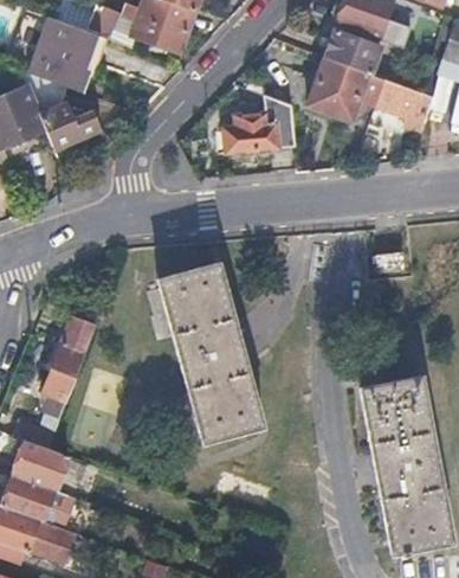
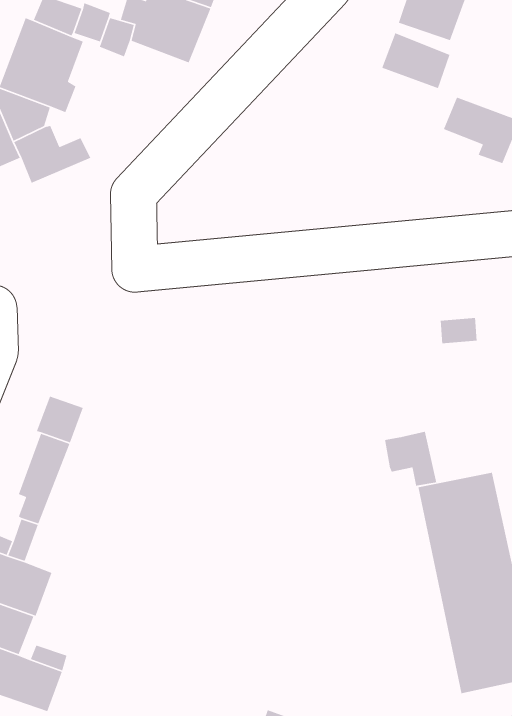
building: [311,58,388,121] -> none
building: [224,95,293,153] -> none
building: [157,265,260,444] -> none
building: none -> [384,431,437,486]

